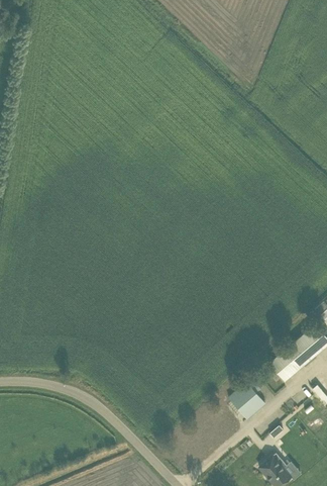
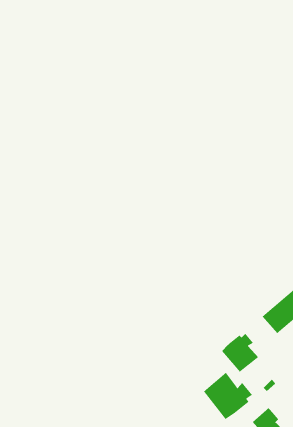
building: none -> [203,372,253,420]

